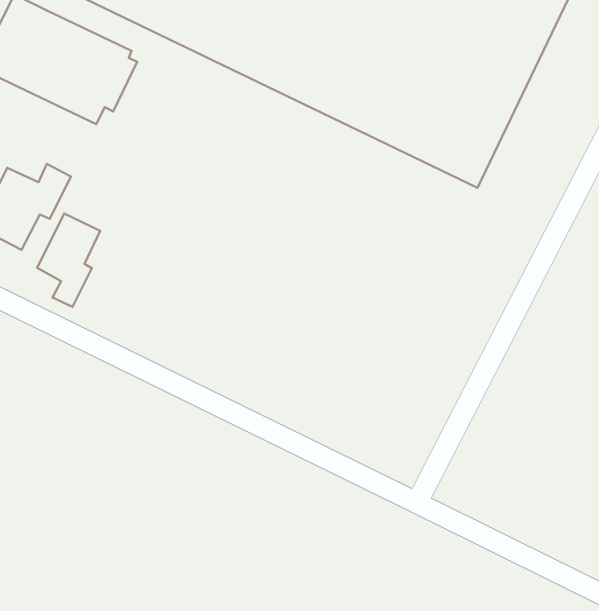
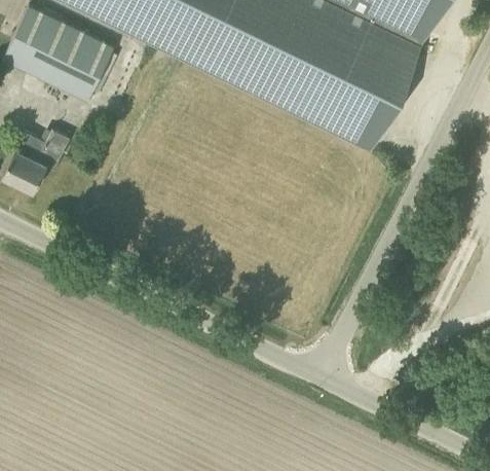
building: [37,214,100,307] -> none

